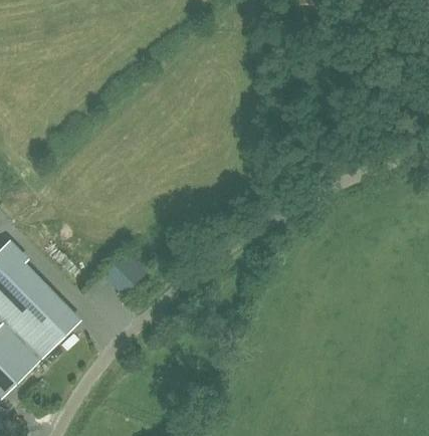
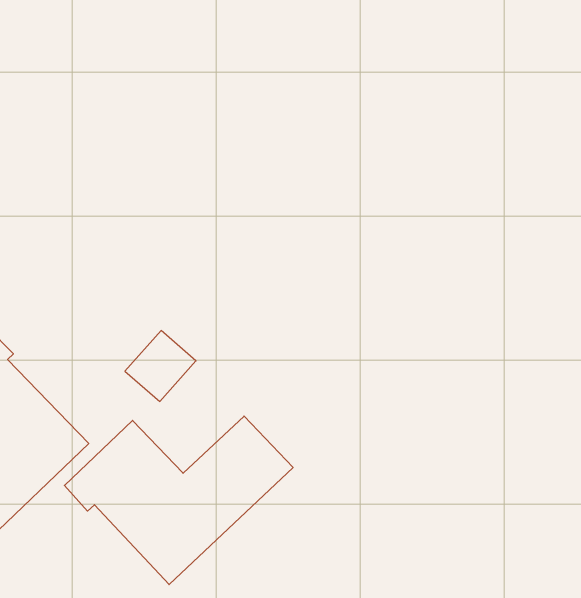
building: none -> [64,416,293,585]

